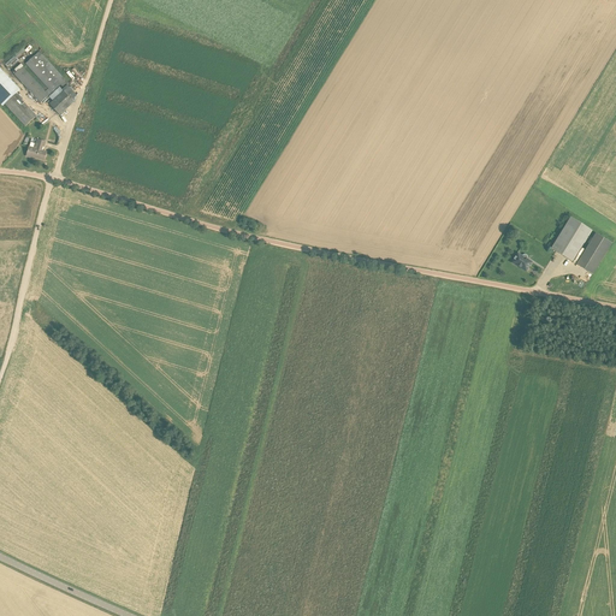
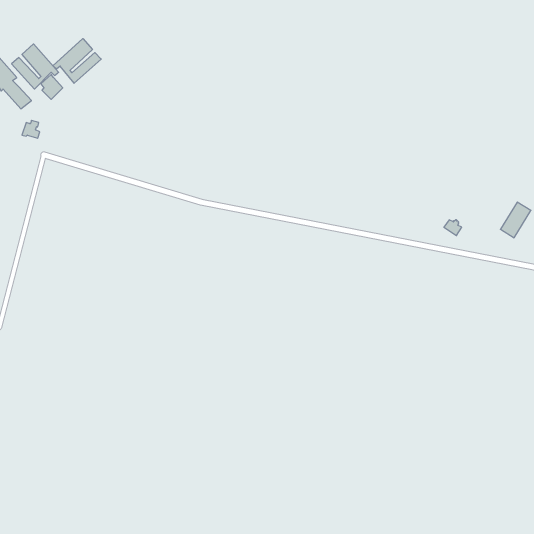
building: none -> [53,39,101,83]
building: [550,217,591,261] -> none

